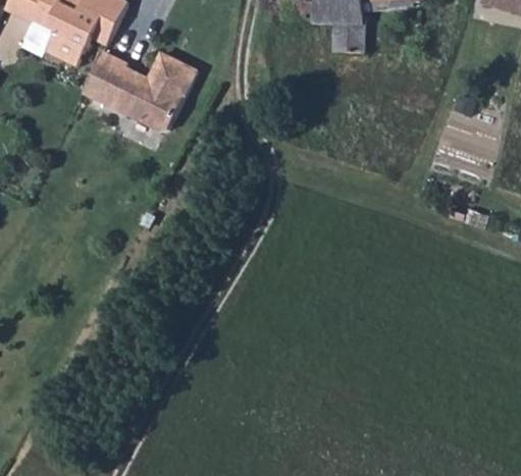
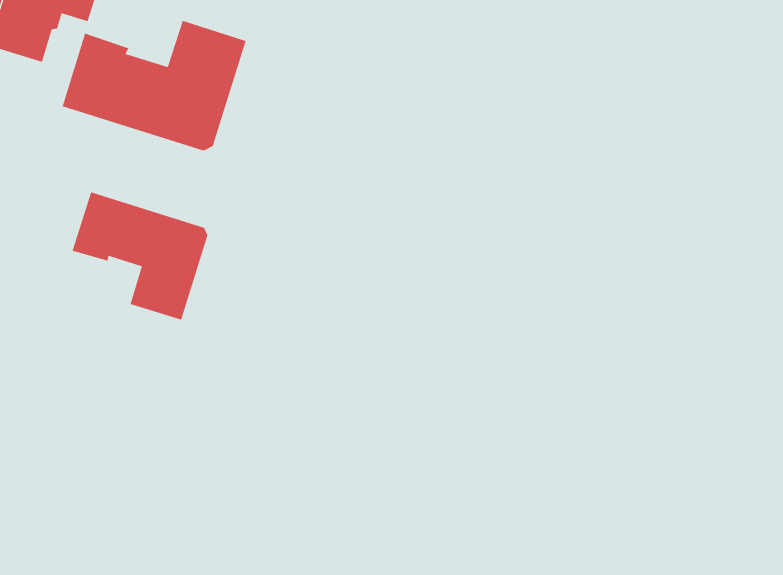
building: none -> [72,192,208,320]

